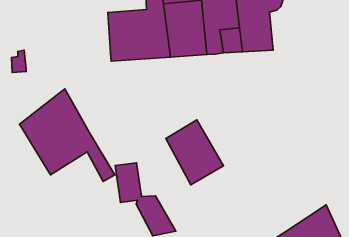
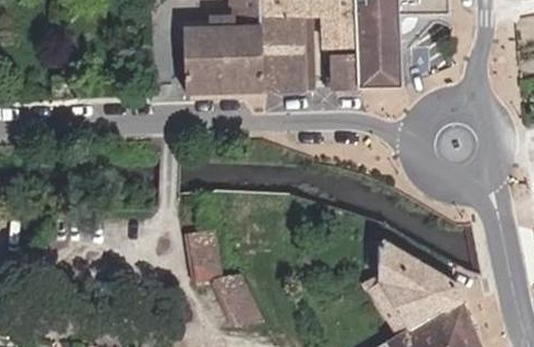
building: [20,89,115,181] -> none
building: [166,120,223,185] -> none
building: none -> [377,241,460,330]

